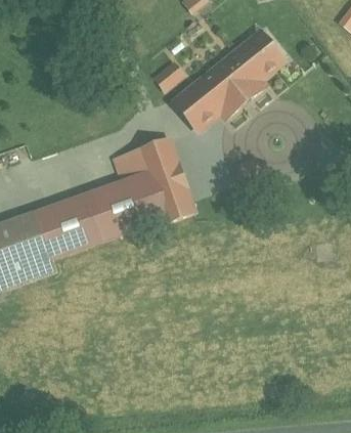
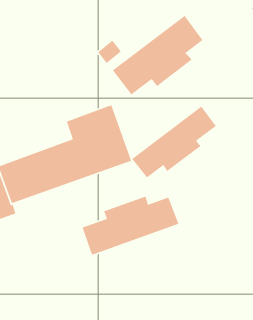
building: none -> [131,106,217,179]
building: none -> [82,196,179,256]

